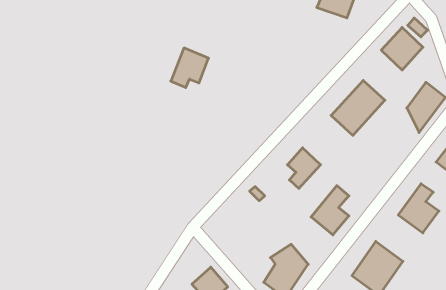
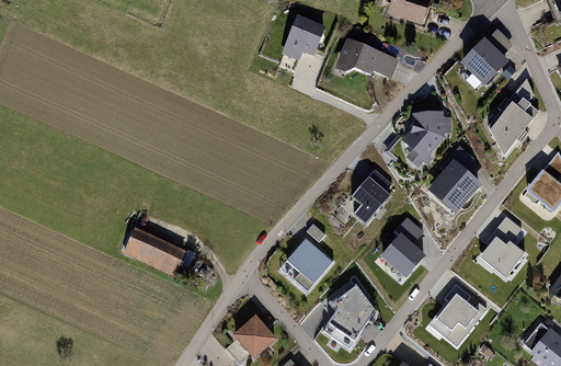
building: none -> [332,36,399,80]
building: [171,48,209,88] -> [280,14,324,60]
building: none -> [426,159,482,215]
building: none -> [124,225,188,275]
building: none -> [286,238,332,283]

